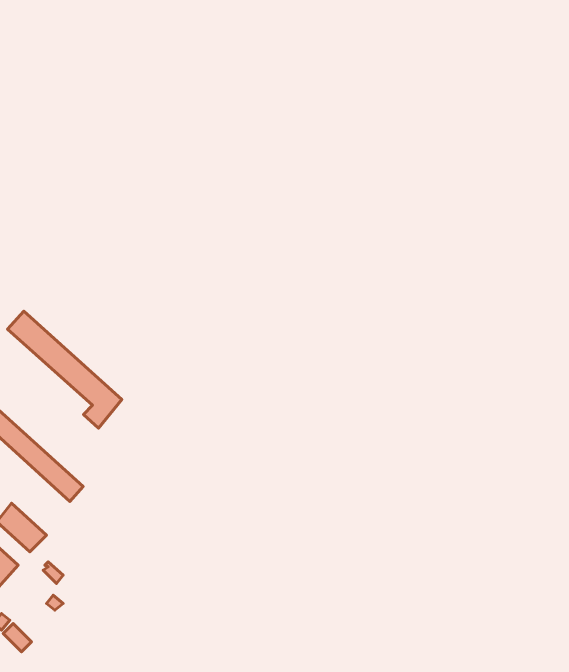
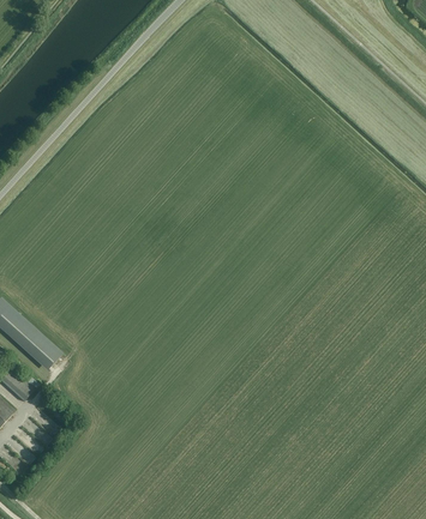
building: [7,311,122,428] -> none

